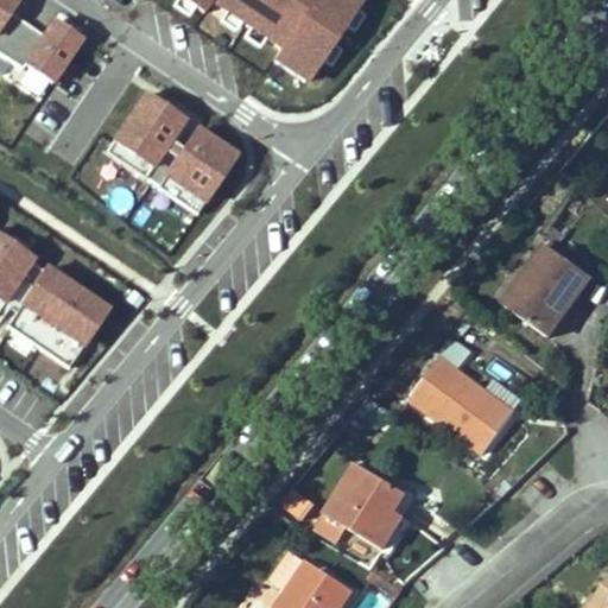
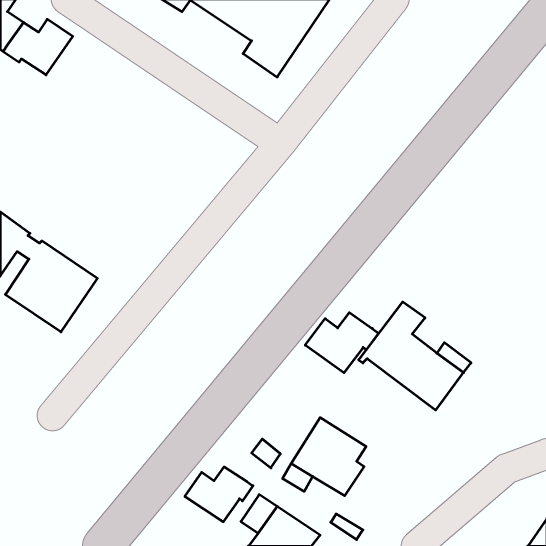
building: [97,82,229,203] -> none
building: [502,245,593,338] -> none
building: none -> [305,313,379,373]
building: none -> [185,467,253,522]

